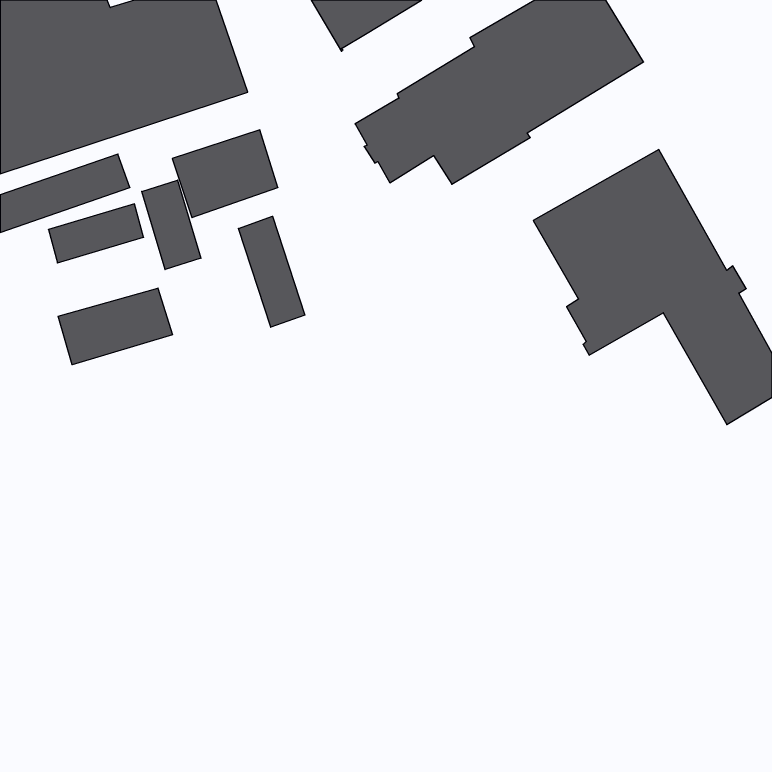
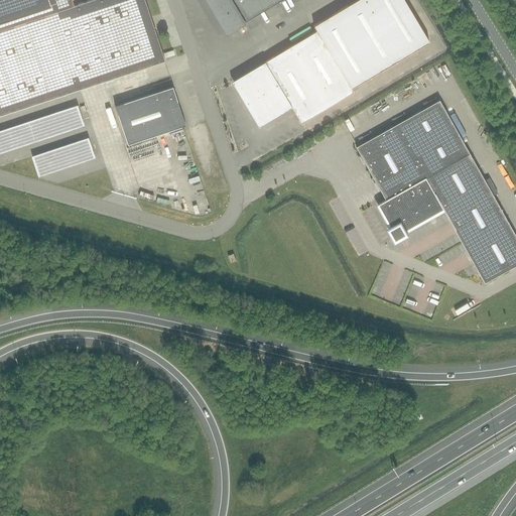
building: [142,180,201,270] -> none
building: [238,216,305,327] -> none
building: [58,288,173,365] -> none

